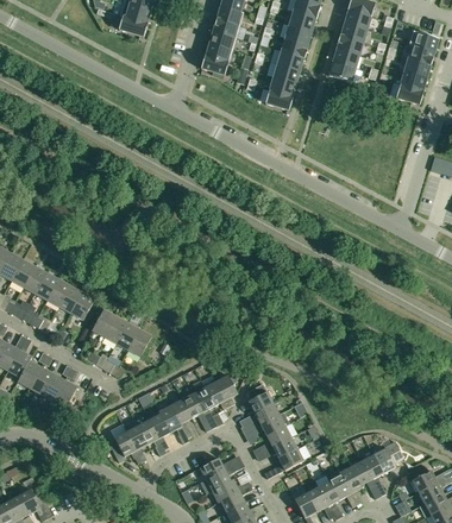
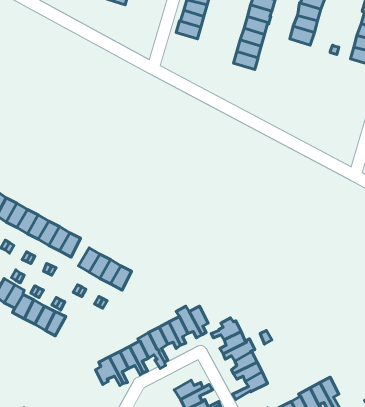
building: [373,440,403,472] -> none

